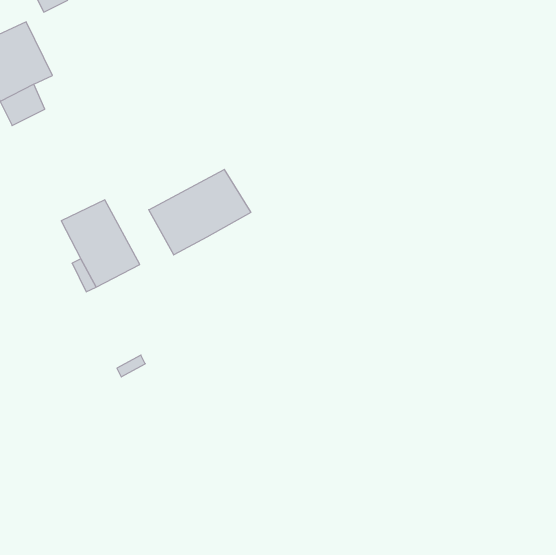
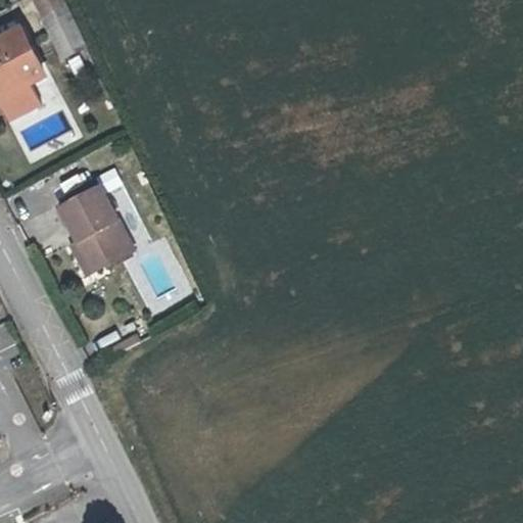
building: [149,169,251,255] -> none

